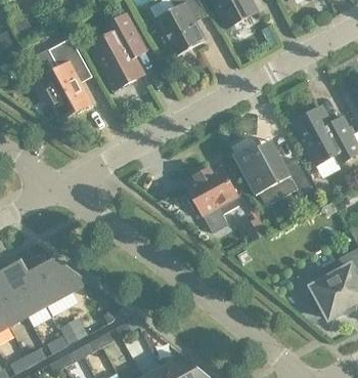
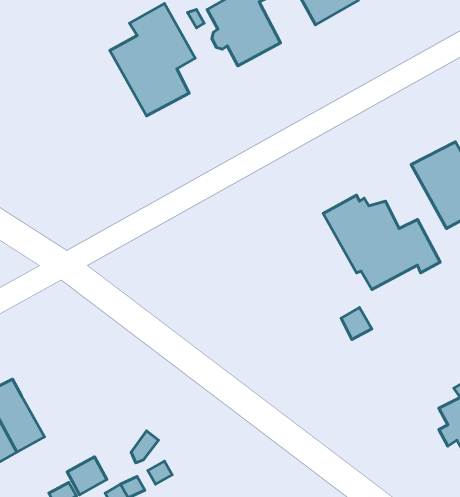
building: [35,38,90,117] -> none
building: [186,166,238,215] -> none
building: [31,261,89,305] -> none

